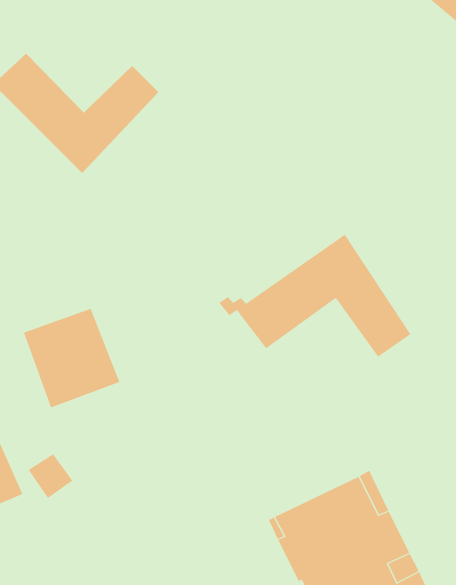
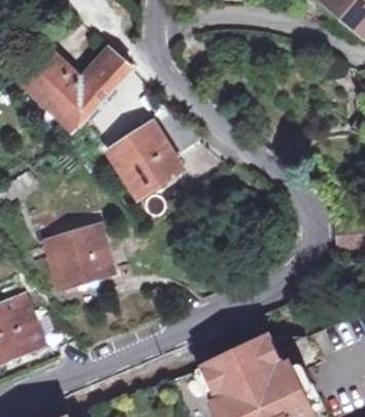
building: none -> [113,127,181,194]
building: [219,234,411,357] -> none

